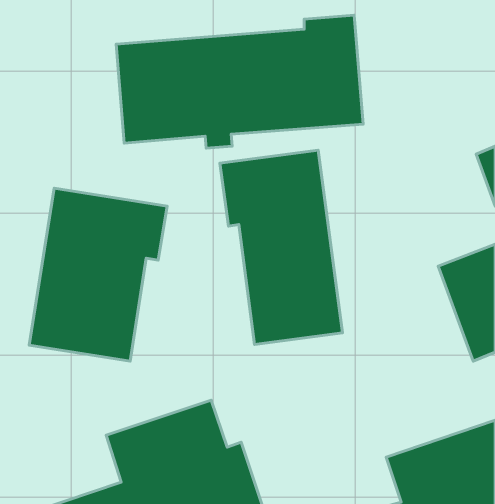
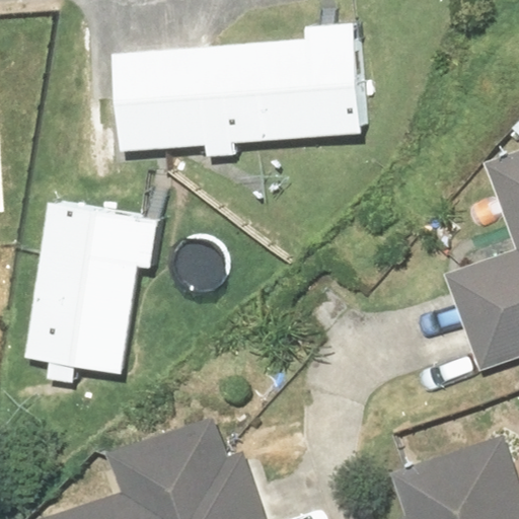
building: [220,150,343,345] -> none

